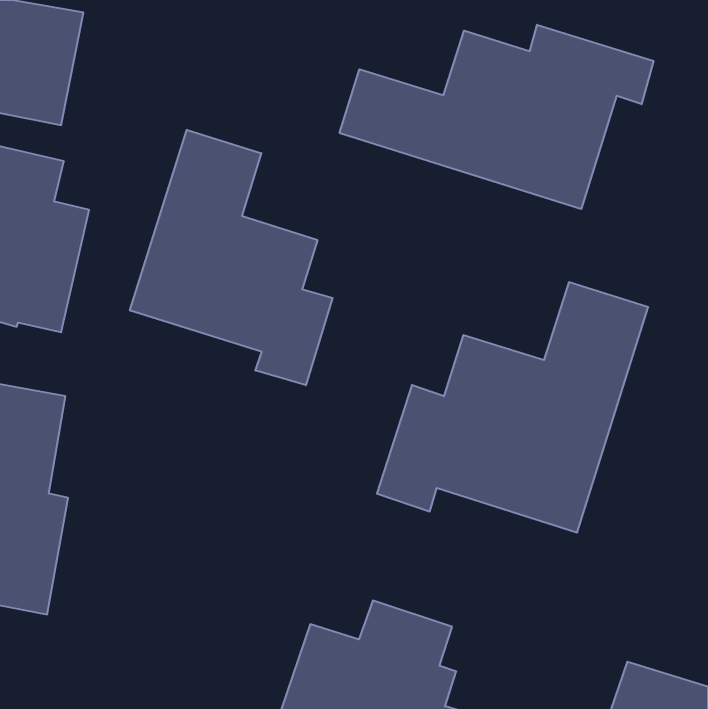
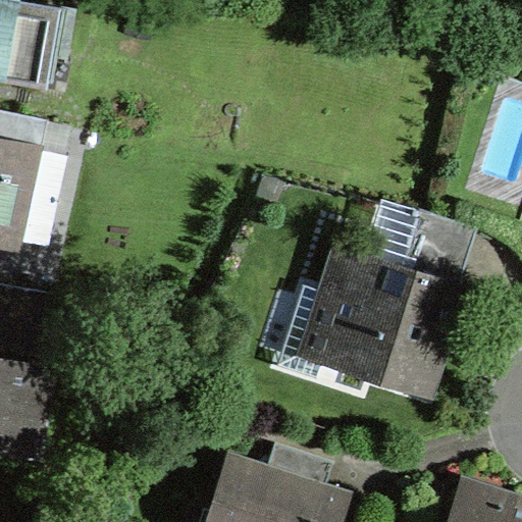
building: [340,25,654,209] -> none
building: [130,130,333,385] -> none

